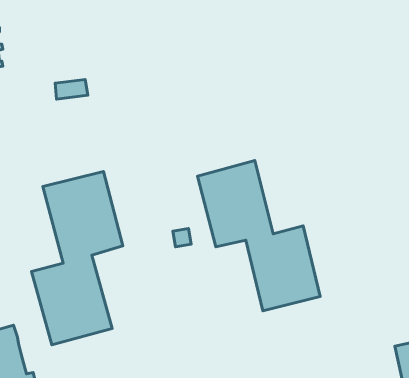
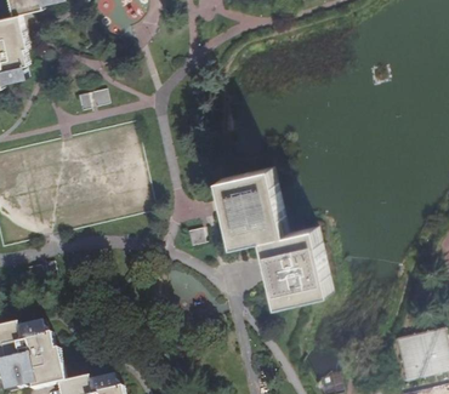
building: [32,172,123,345] -> none

